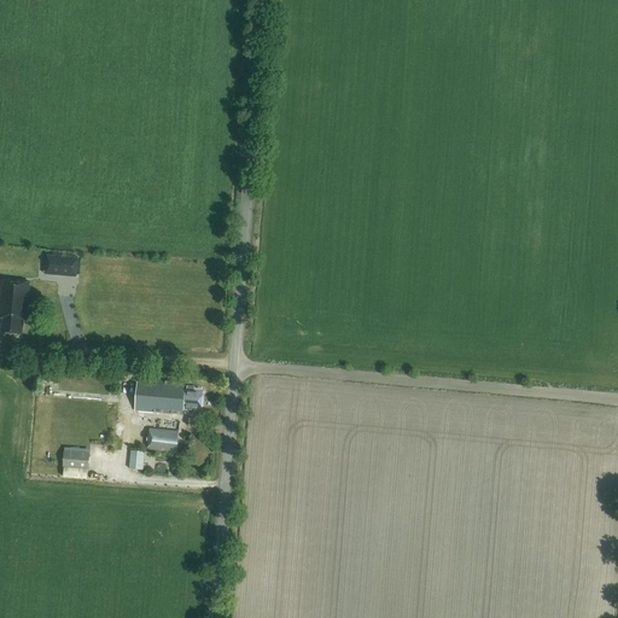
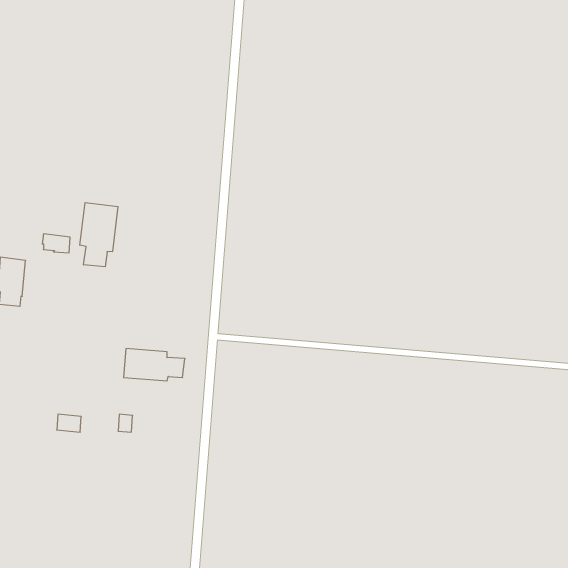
building: none -> [80,203,118,267]
building: [147,427,177,451] -> none

